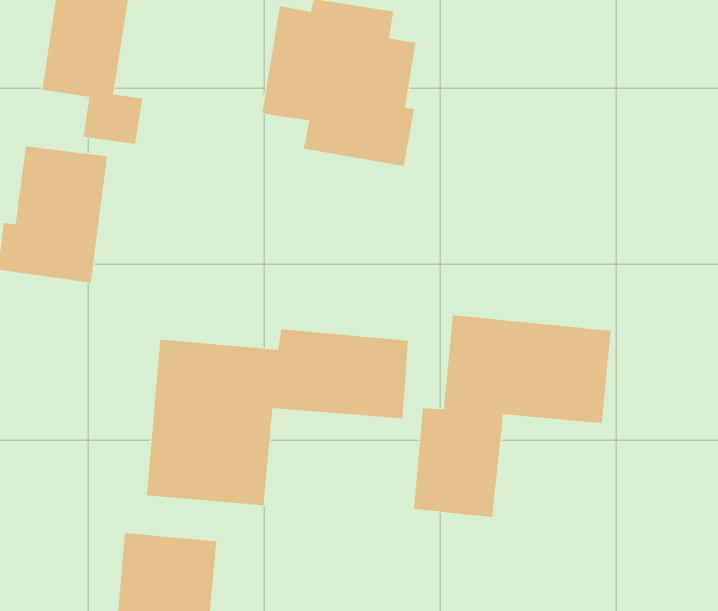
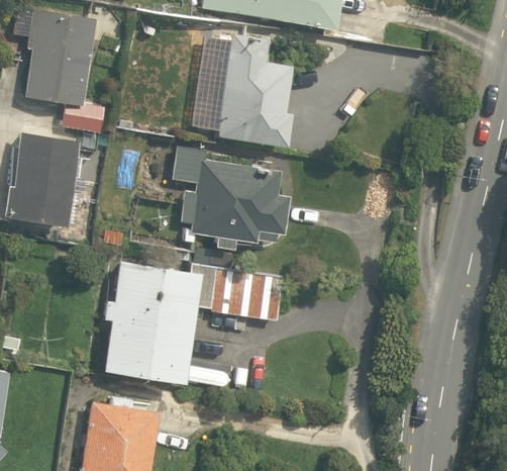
building: none -> [150,148,287,247]
building: [413,315,611,518] -> none

